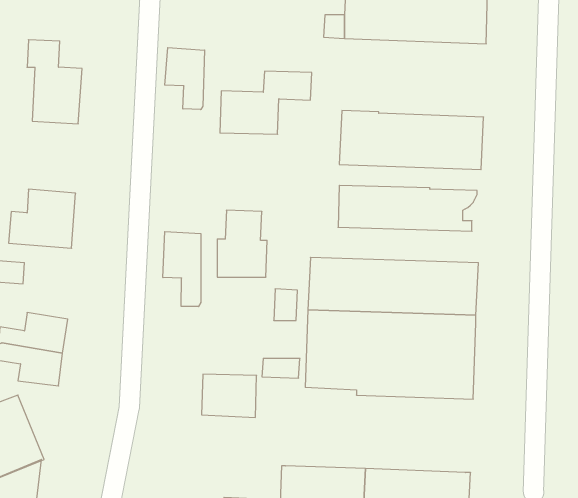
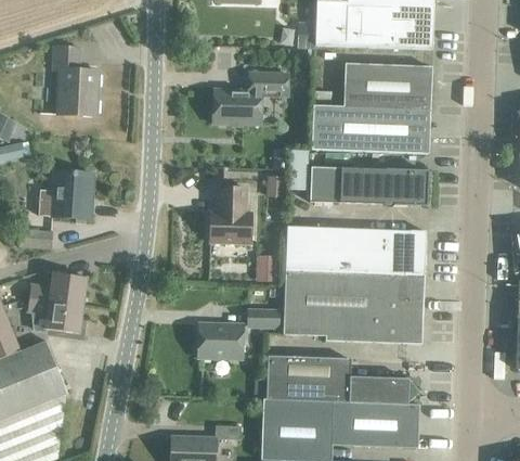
building: [165,48,205,110] -> none
building: none -> [343,64,431,111]
building: [163,232,201,307] -> none
building: none -> [266,356,419,405]

